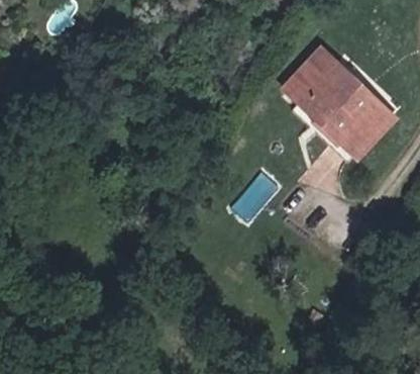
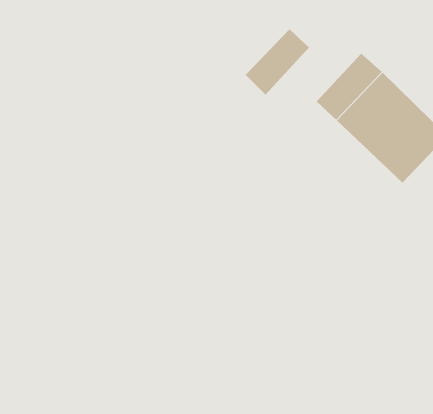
building: none -> [245,28,310,95]

